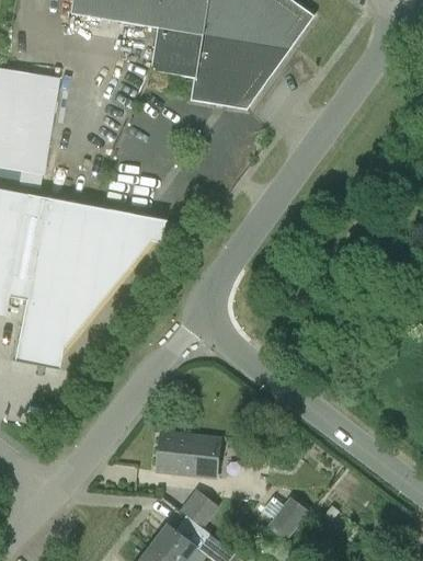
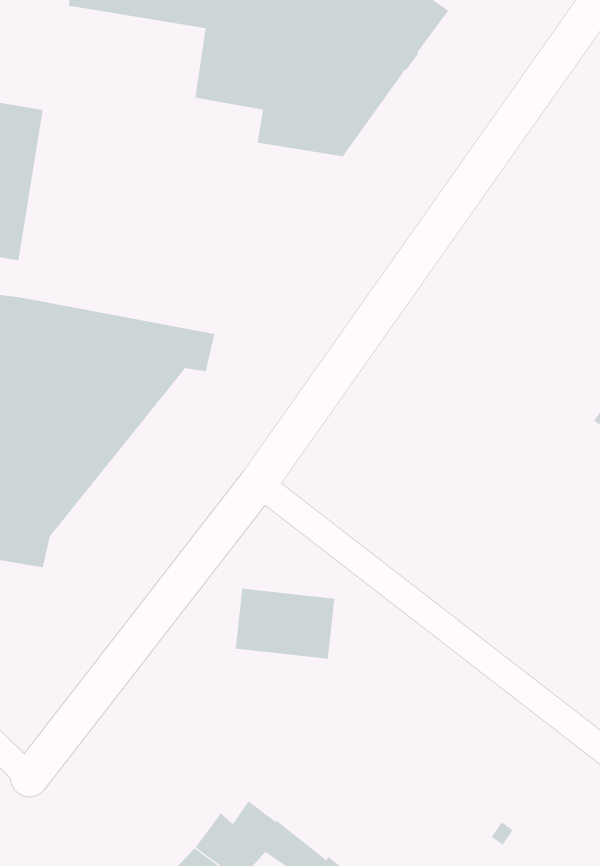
building: [157,432,220,477] -> [235,588,335,659]
building: [180,485,220,526] -> none
building: [264,495,310,541] -> none

